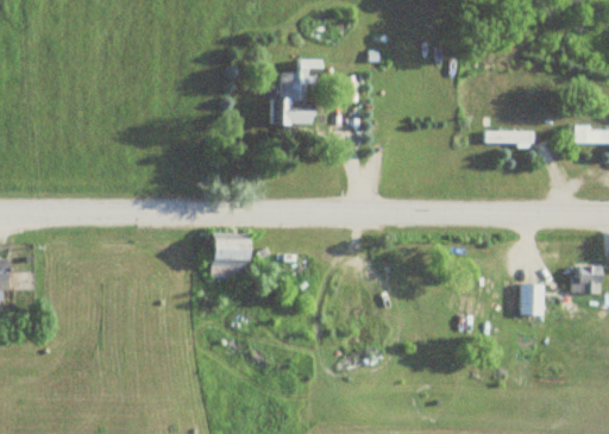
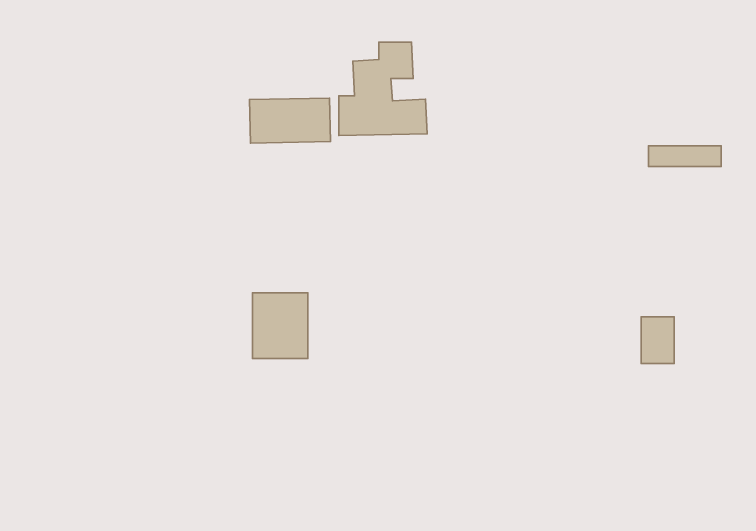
building: none -> [250,98,330,143]
building: [521,282,544,314] -> [641,317,674,364]

